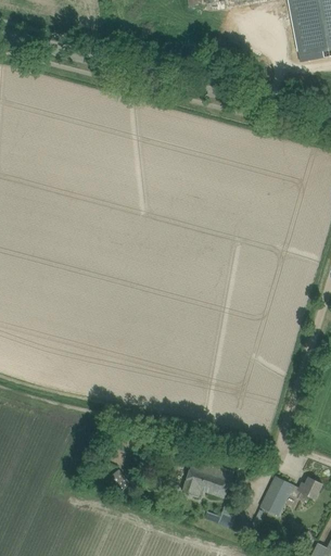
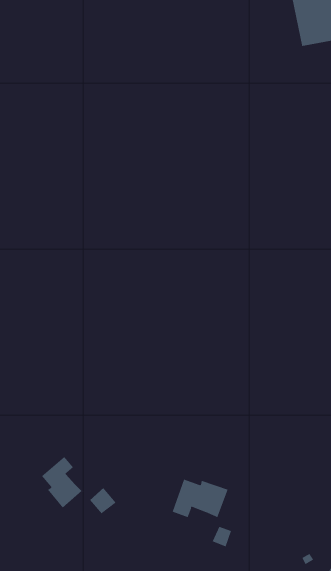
building: none -> [41,456,83,508]
building: [259,475,322,515] -> none

